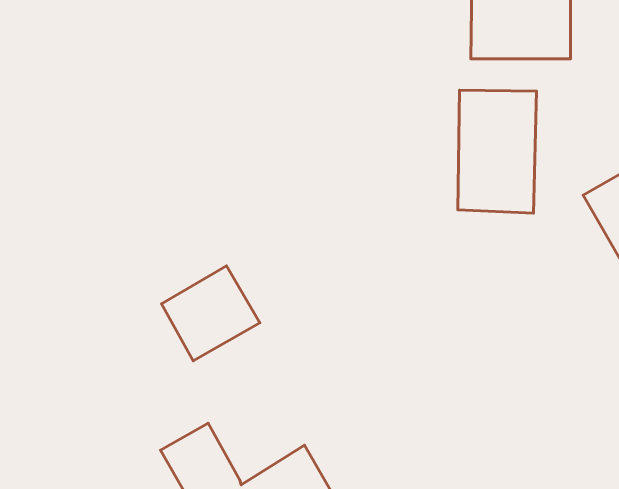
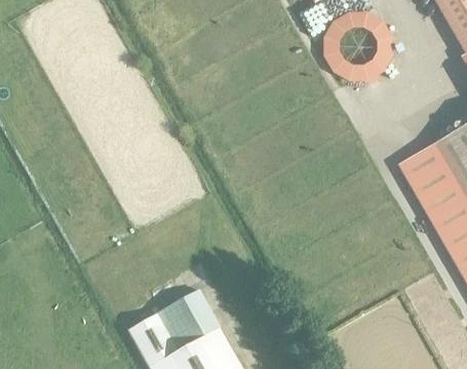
building: [458,90,537,213] -> none
building: [162,266,260,361] -> [157,287,221,348]

